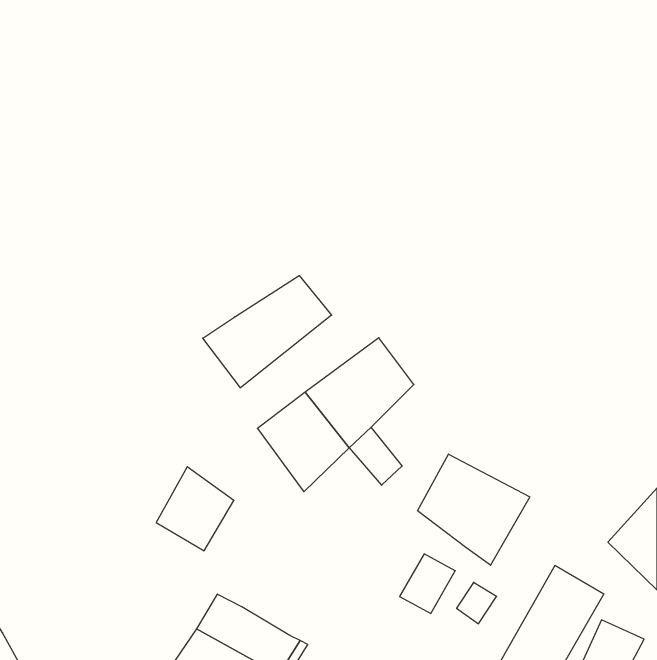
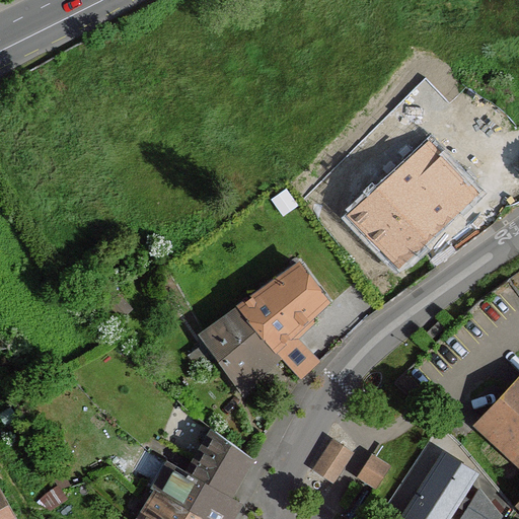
building: none -> [354,147,471,265]
building: [203,276,332,388] -> none
building: [418,454,530,565] -> none
building: [156,467,234,551] -> [190,433,250,499]

